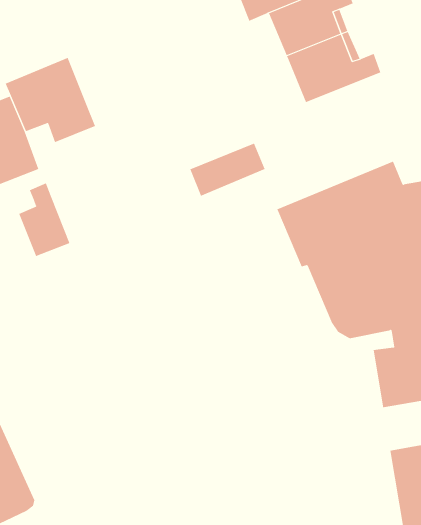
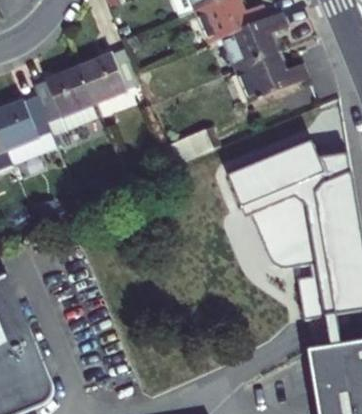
building: none -> [77,47,138,101]
building: [18,182,70,257] -> none

